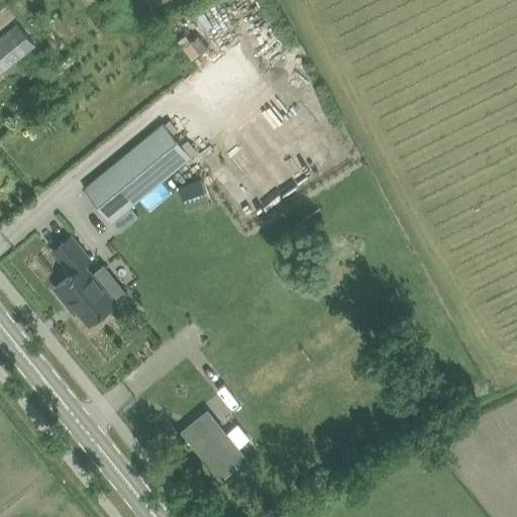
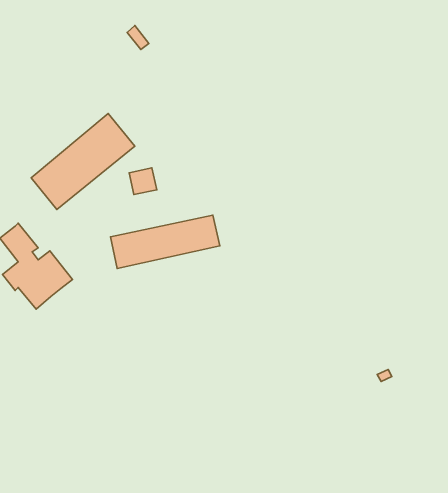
building: none -> [110,215,220,269]
building: [181,412,247,480] -> none

